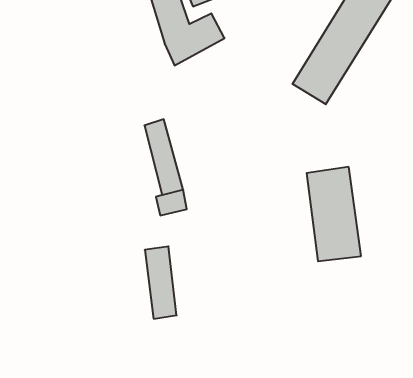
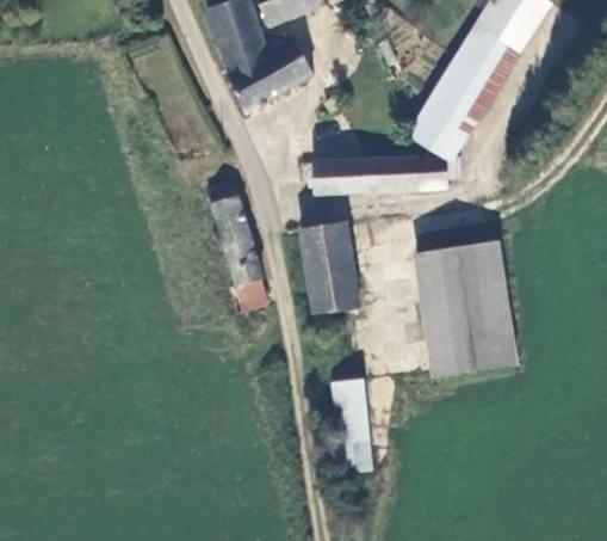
building: none -> [314,159,466,195]
building: none -> [297,220,357,308]
building: [145,246,177,319] -> [332,376,374,474]

